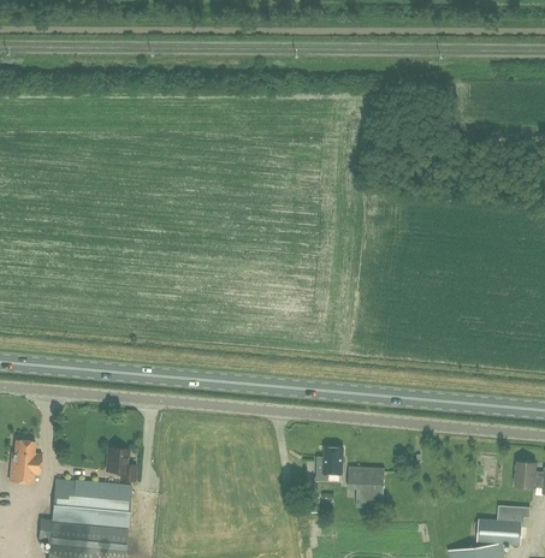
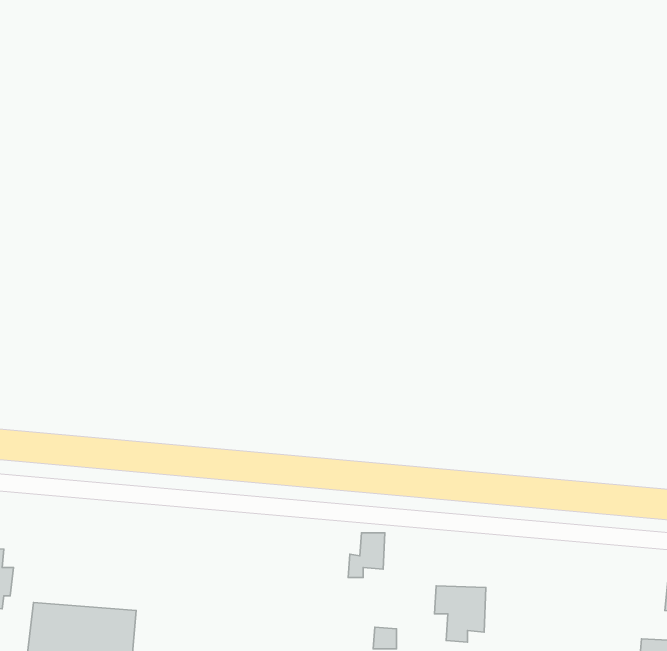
building: [107,447,136,480] -> none
building: [316,447,343,480] -> [348,533,385,578]

